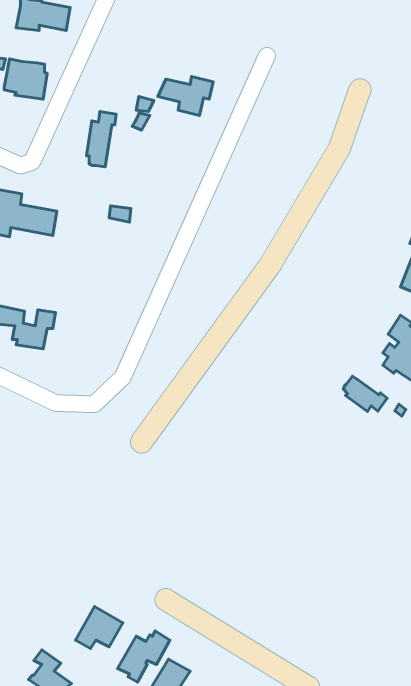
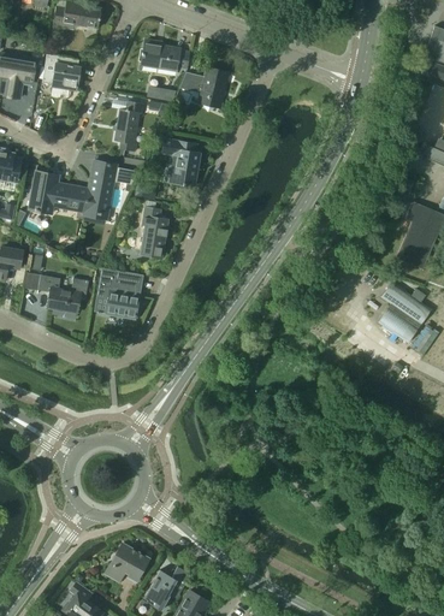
building: none -> [141,41,190,78]
building: none -> [164,140,200,185]
building: none -> [84,161,117,219]
building: none -> [140,207,168,259]
building: none -> [106,278,138,319]
building: [343,376,387,411] -> none

